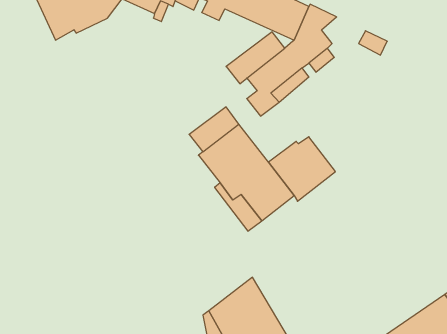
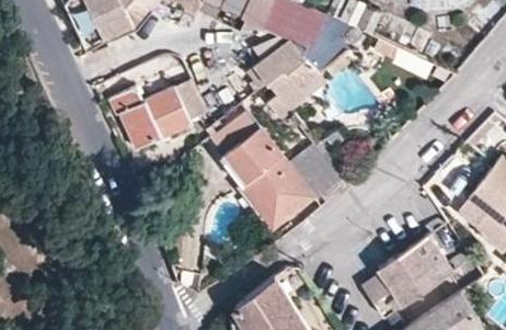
building: none -> [111,80,208,151]
building: none -> [361,231,451,316]

